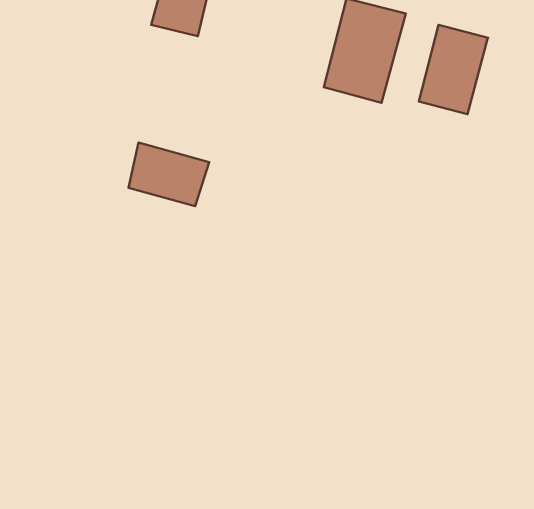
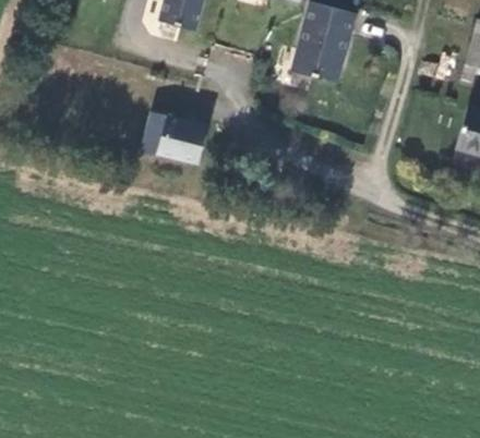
building: [419,25,488,114] -> none

